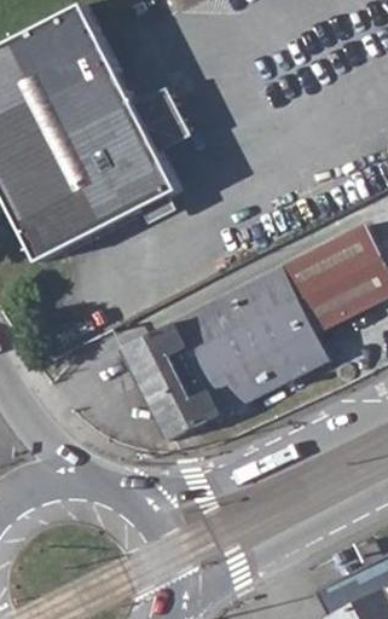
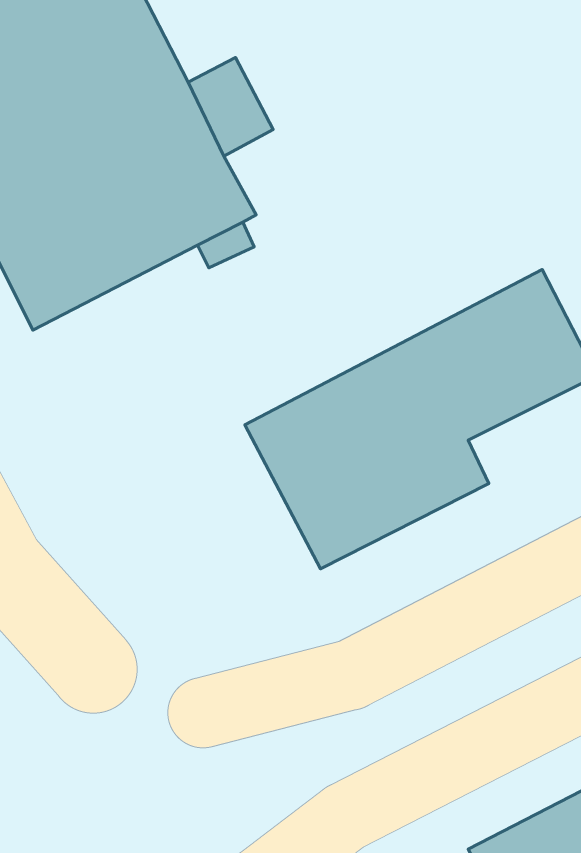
building: [121,323,219,440] -> none

